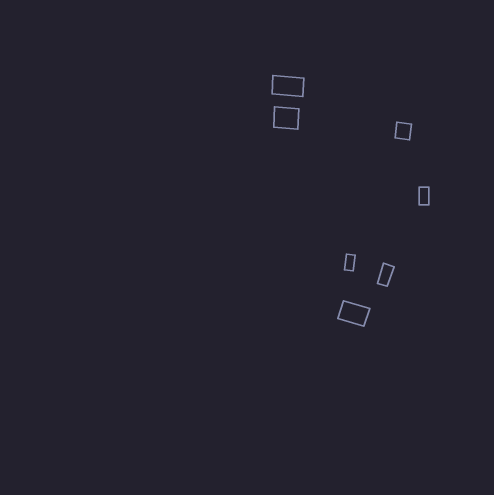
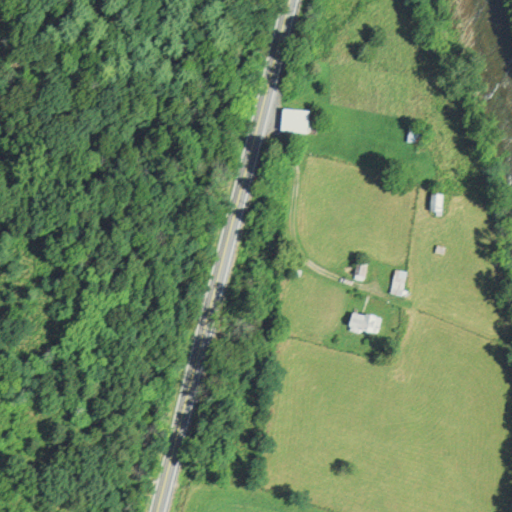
building: [272,76,304,96] -> none

